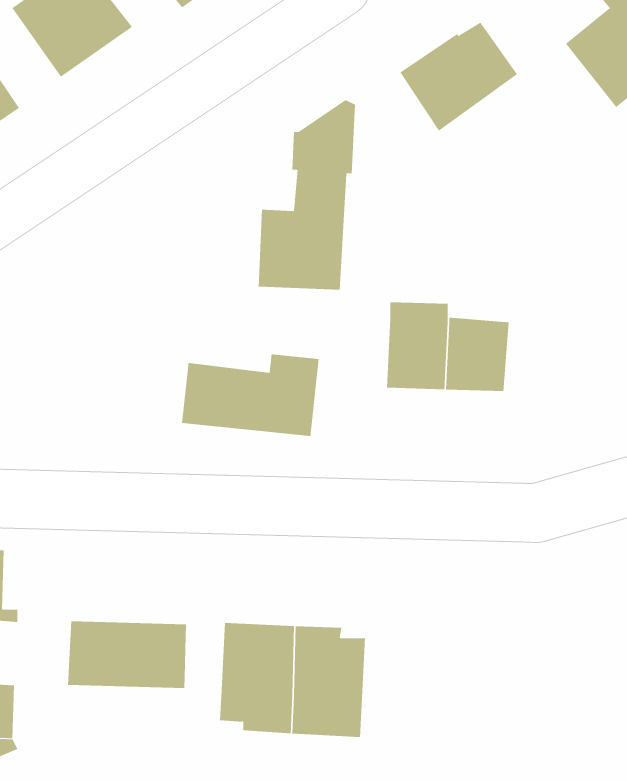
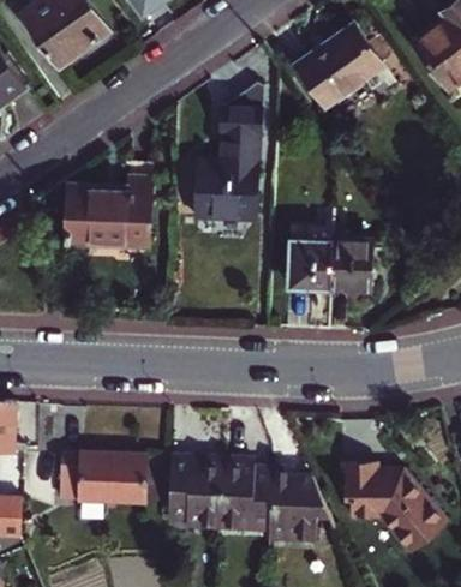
building: [181,354,320,437] -> [61,184,160,242]
building: none -> [345,462,445,552]
building: none -> [270,466,335,544]

